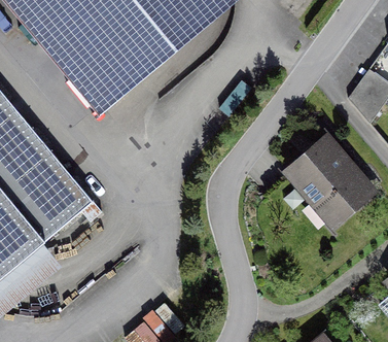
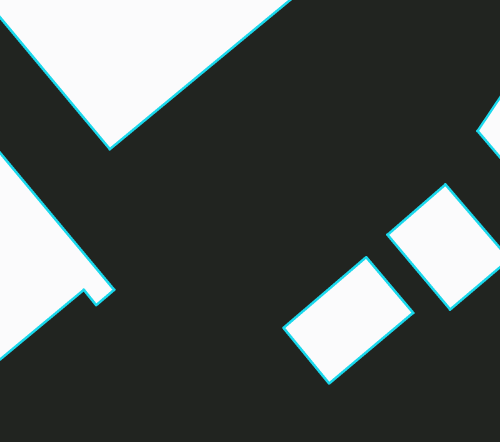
building: none -> [284,257,413,383]

